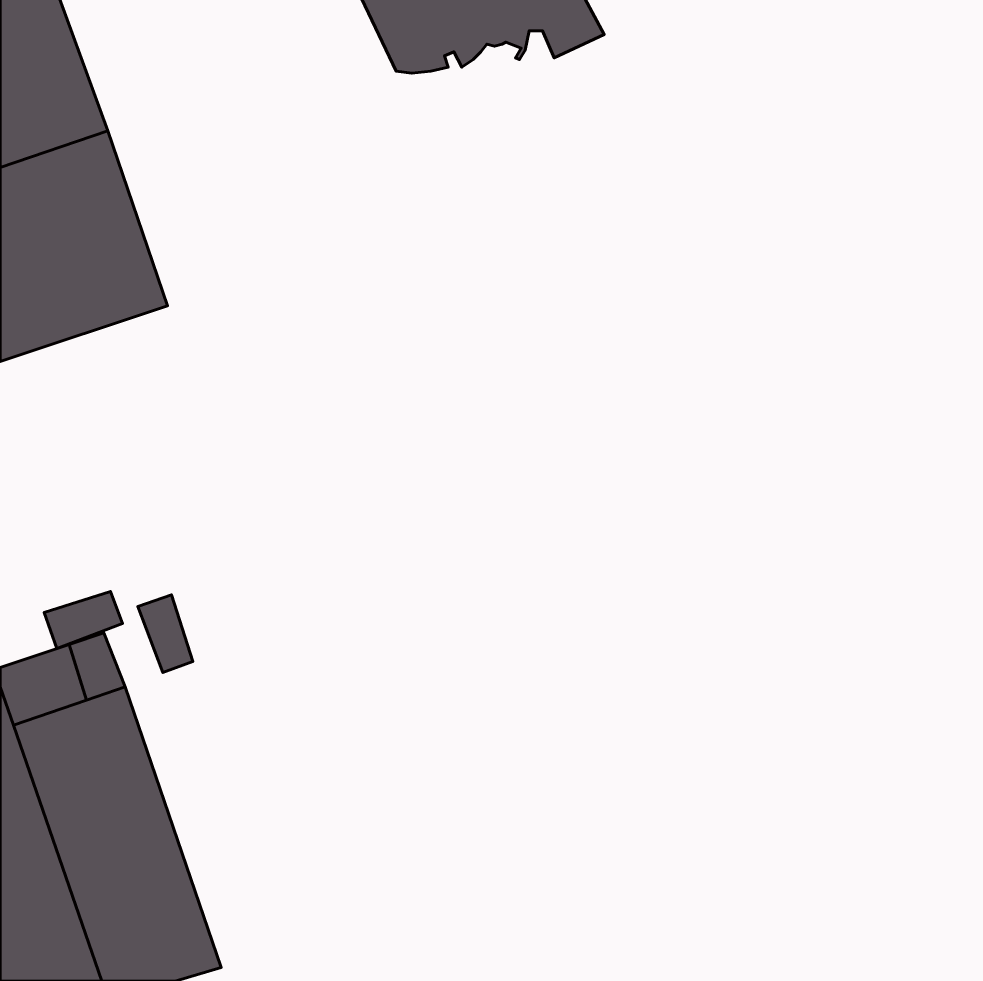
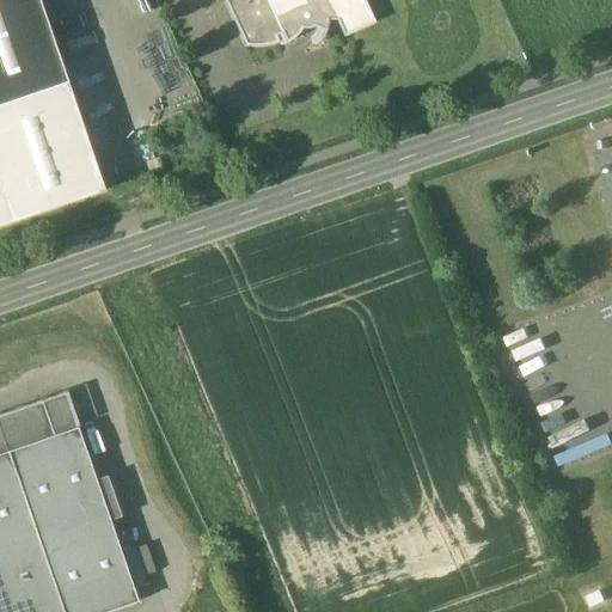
building: [44,591,123,648] -> none
building: [138,595,193,673] -> none

